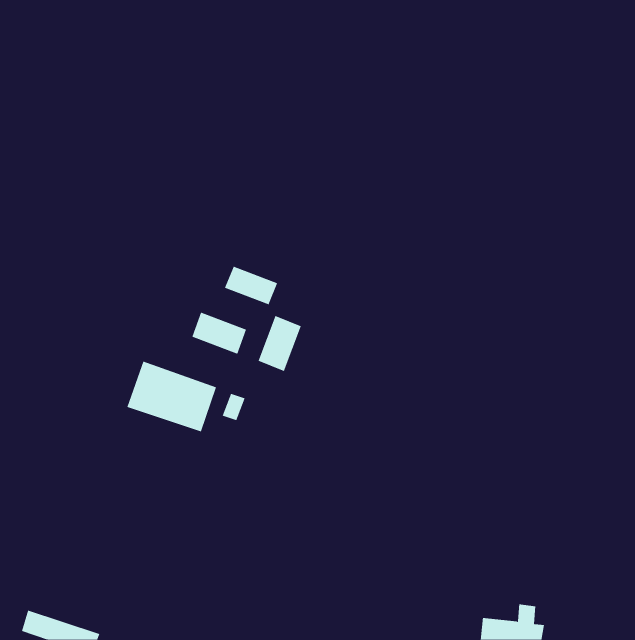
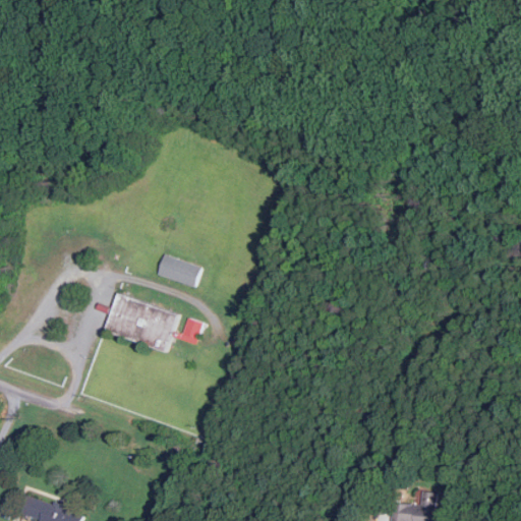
building: [224,266,278,305] -> none
building: [258,315,301,372] -> none

